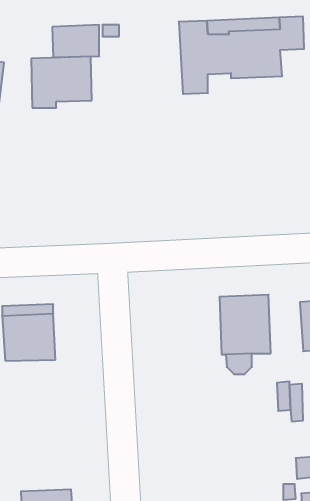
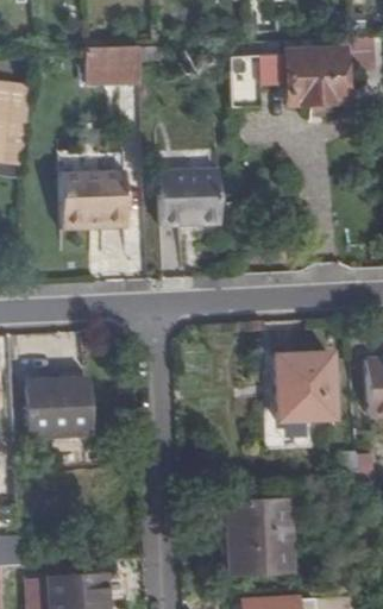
building: [31,56,92,108] -> [57,170,126,228]
building: none -> [158,169,219,226]
building: none -> [227,503,290,573]

